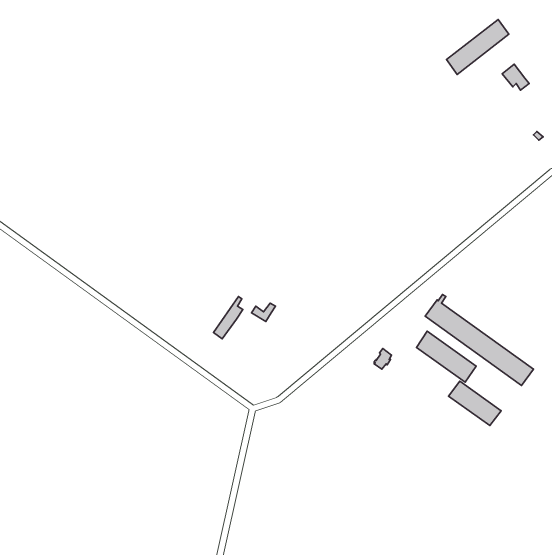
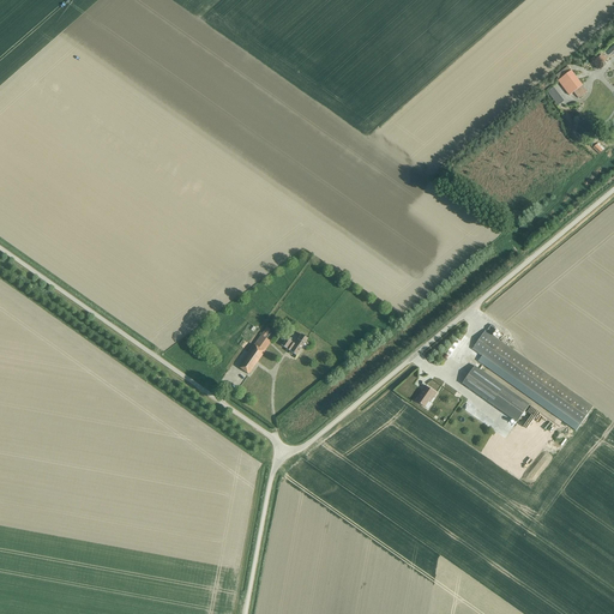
building: [447,19,509,74] -> none
building: [449,381,501,426] -> none

